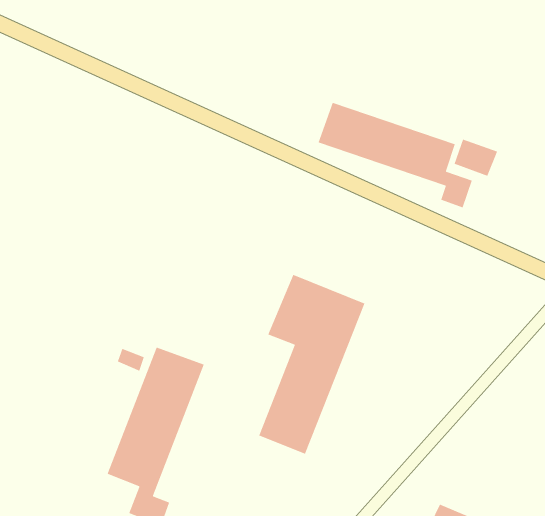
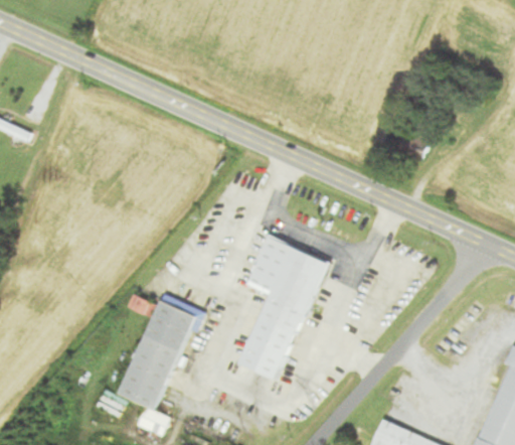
building: [317,102,473,208] -> none

